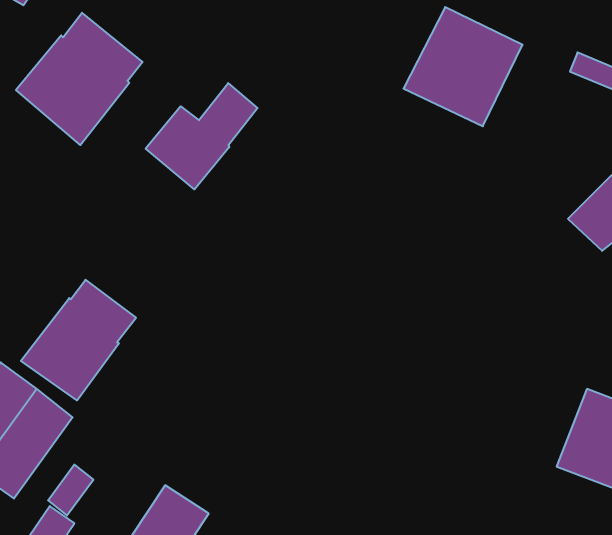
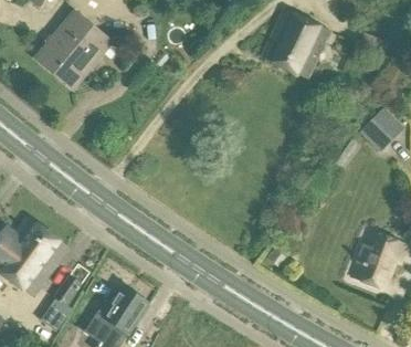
building: [146,83,258,189] -> none
building: [21,280,136,400] -> none

